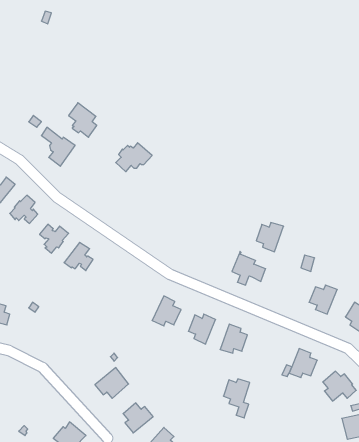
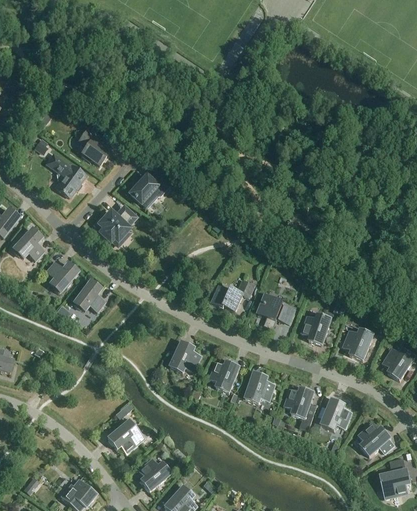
building: none -> [96,206,135,241]
building: [256,223,284,252] -> [302,312,332,344]
building: none -> [212,279,255,310]
building: [223,379,250,418] -> [285,386,314,429]

